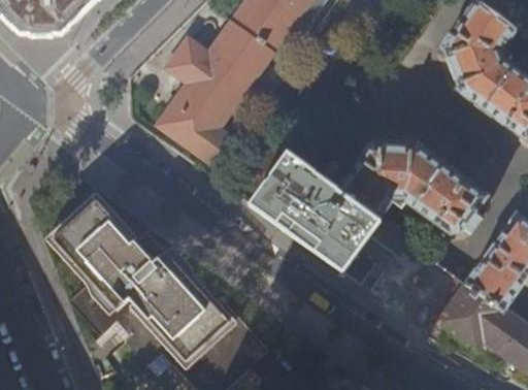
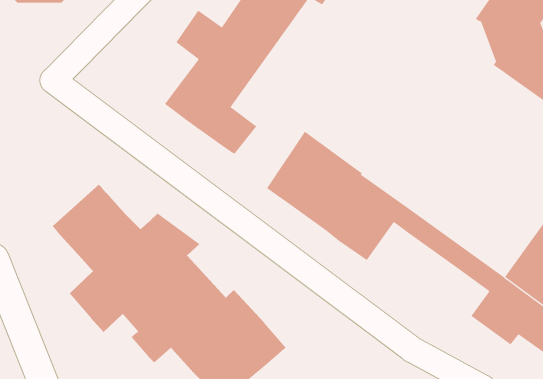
building: [338,141,489,233] -> none

